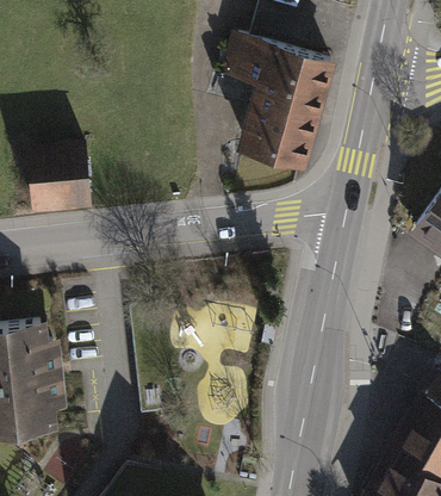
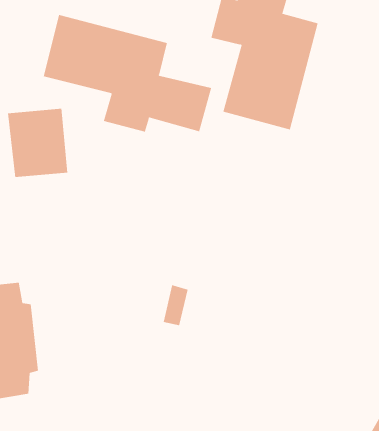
building: none -> [43,14,212,132]

